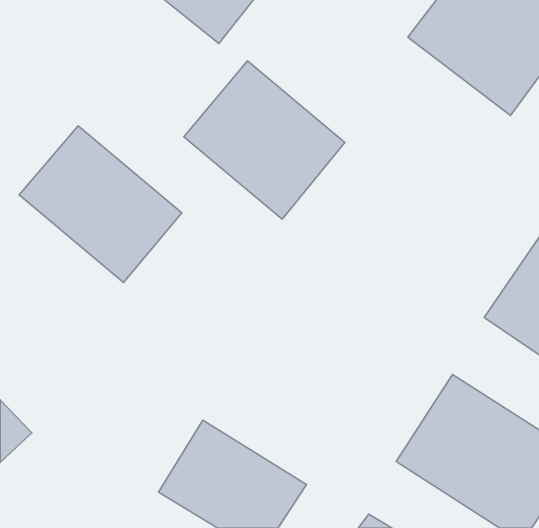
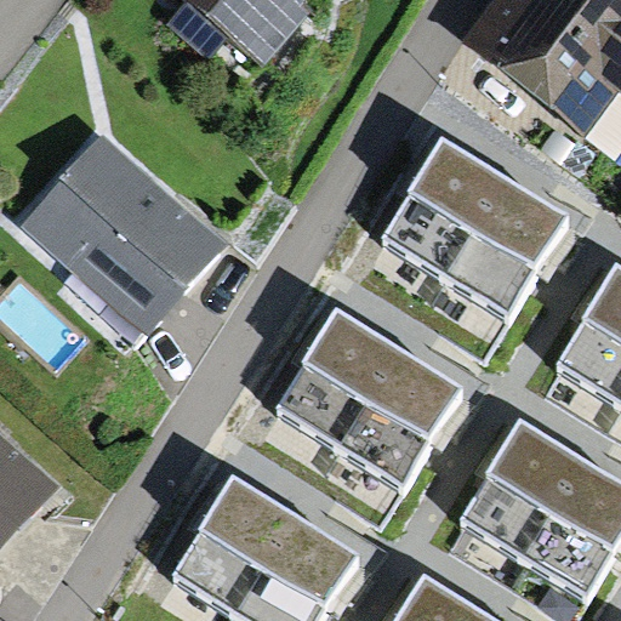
building: [184,61,345,219] -> none
building: none -> [376,149,563,335]
building: none -> [283,307,455,466]

